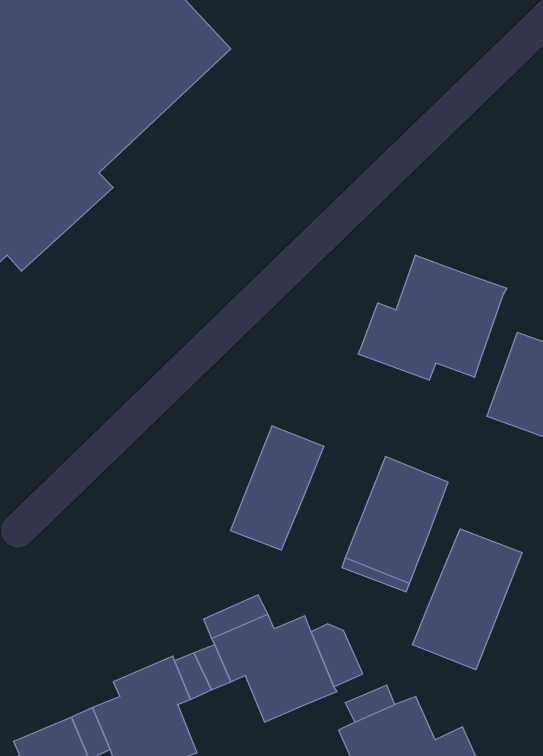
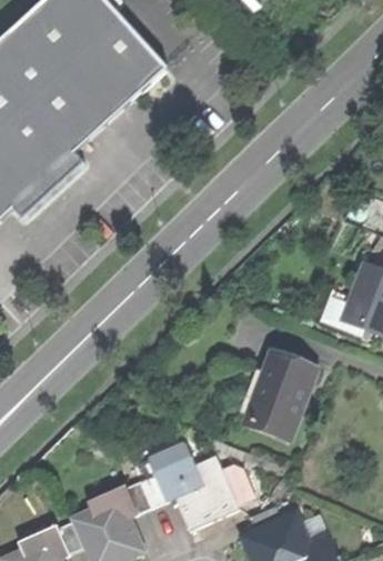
building: [358,255,507,380] -> none
building: [230,426,324,550] -> none
building: [413,529,522,670] -> none

